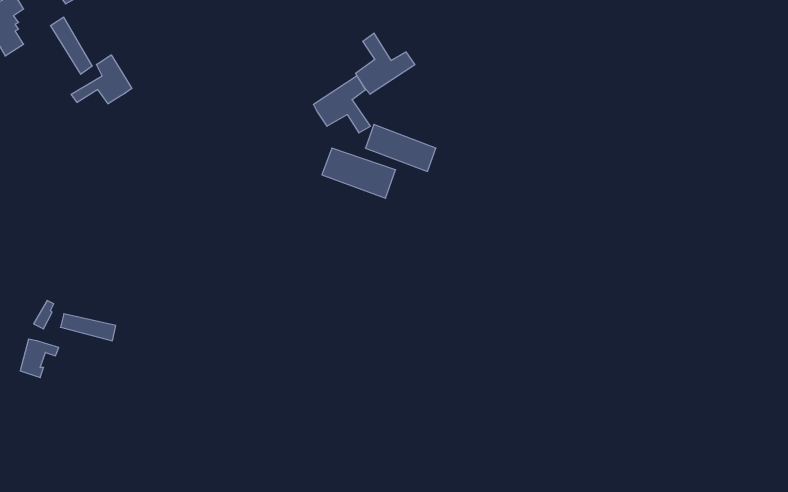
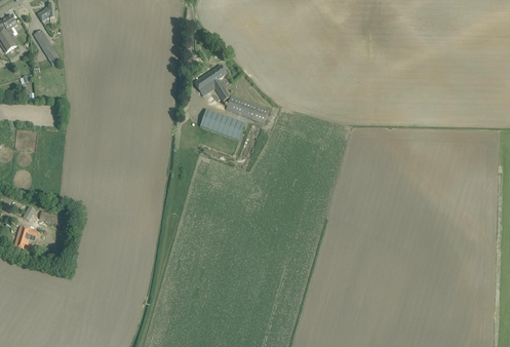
building: [356,33,415,94] -> none
building: [71,55,132,104] -> none

